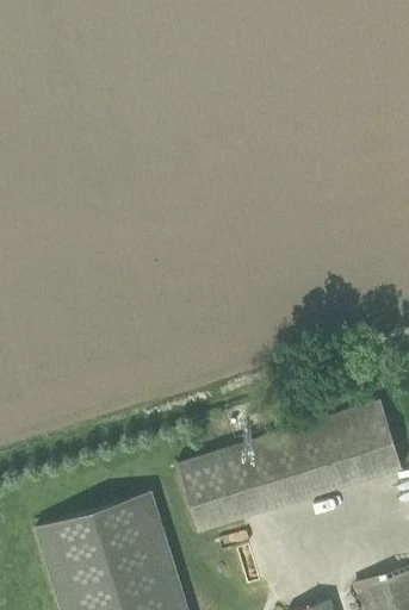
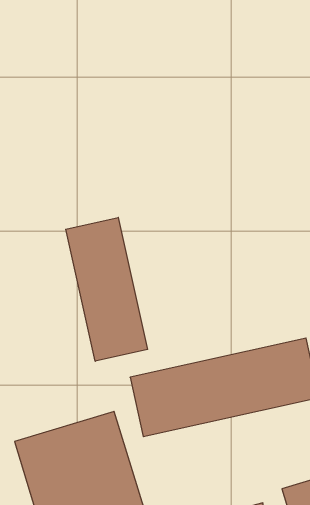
building: none -> [66,217,148,361]

